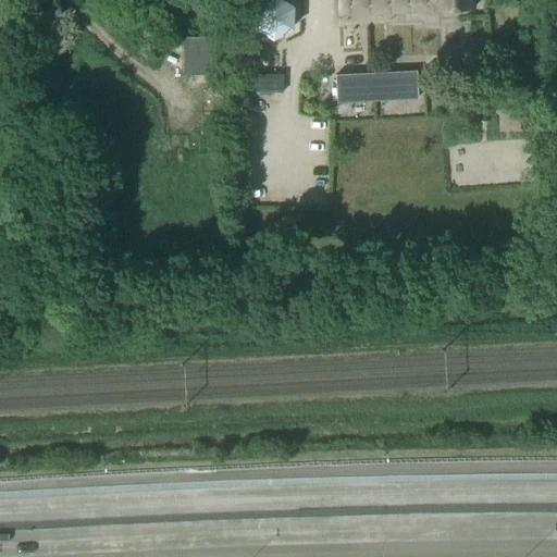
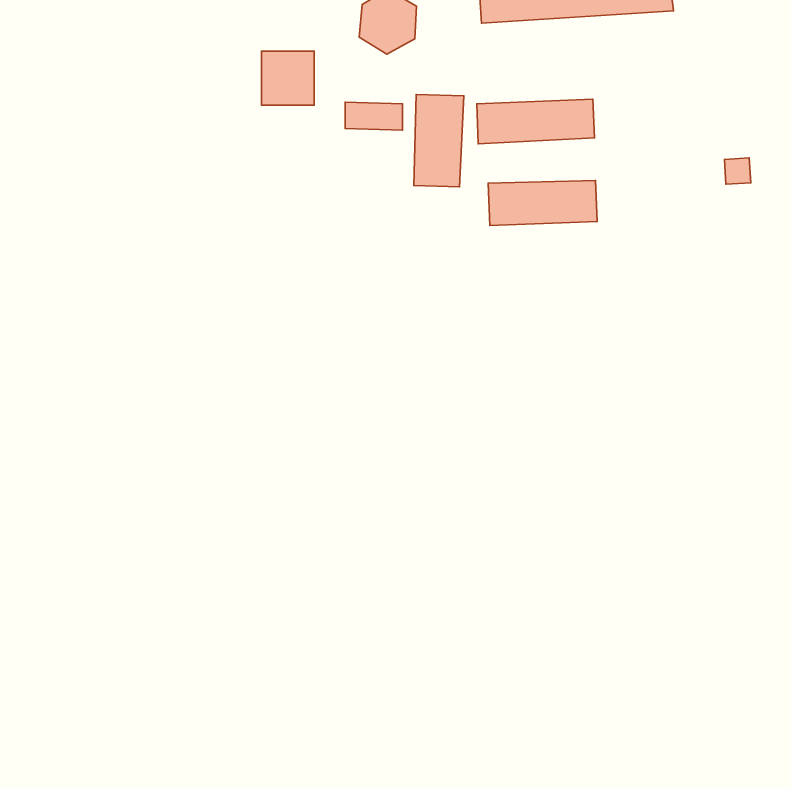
building: none -> [414,95,464,187]
building: none -> [488,181,597,226]

